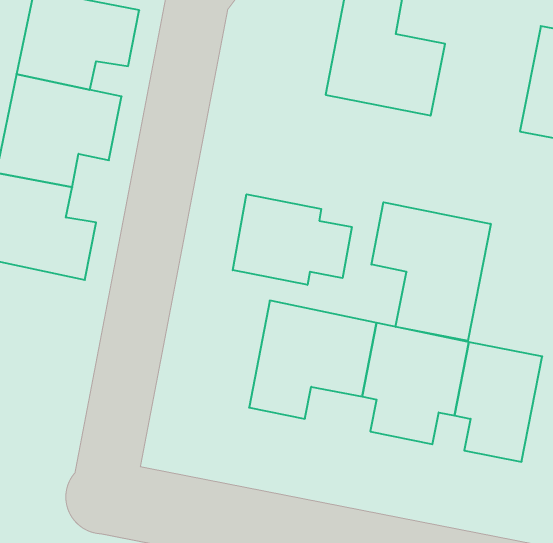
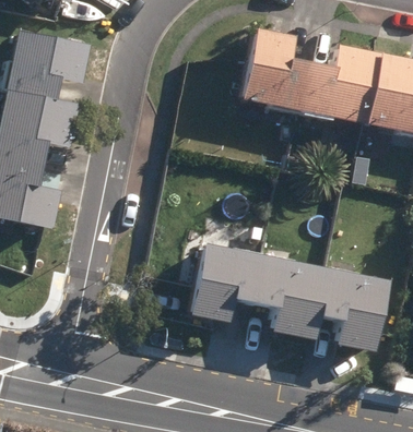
building: none -> [304,43,379,124]
building: [233,194,352,285] -> none
building: [371,202,491,341] -> none

